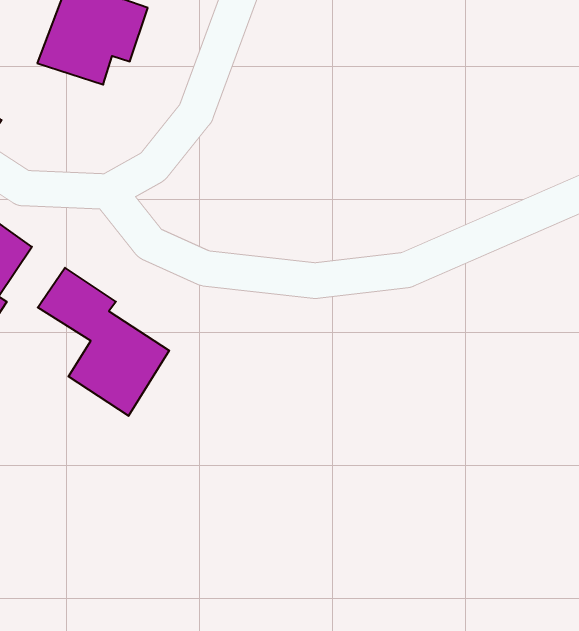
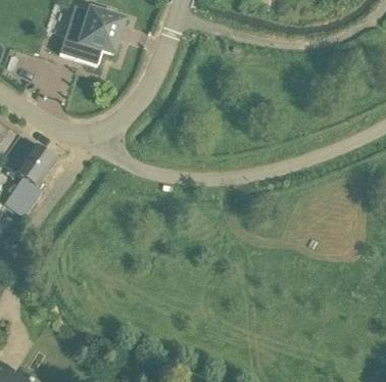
building: [38,268,169,416] -> none

